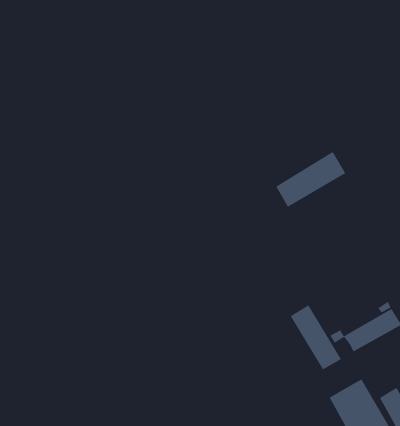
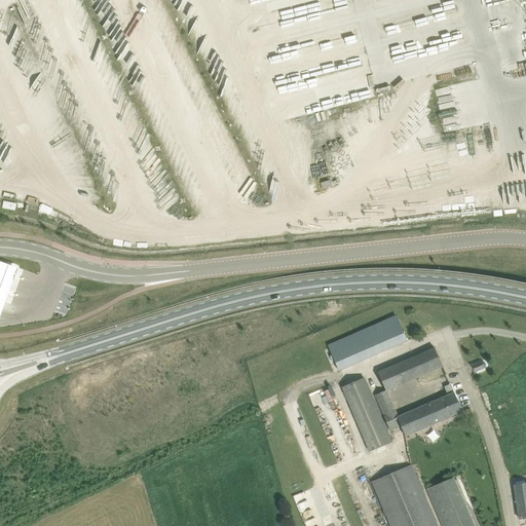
building: [276,151,346,207] -> [328,315,407,371]
building: none -> [376,347,442,391]

